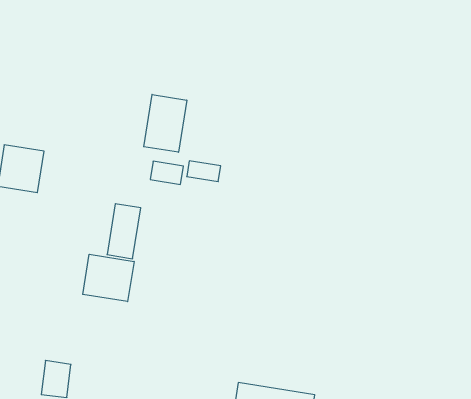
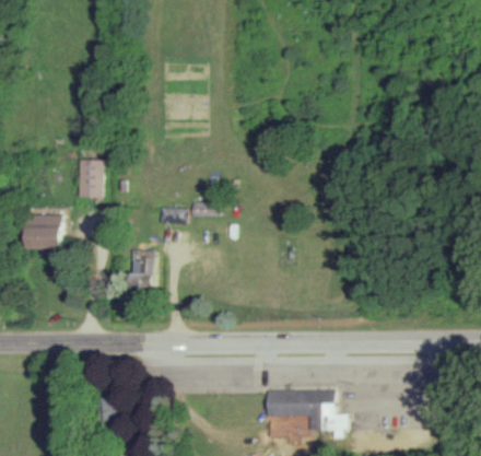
building: [144,94,187,152] -> none
building: none -> [78,161,102,198]
building: [83,254,134,302] -> none

